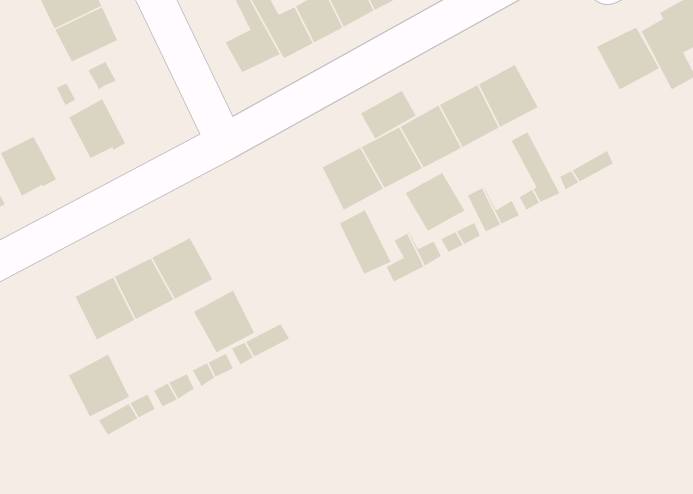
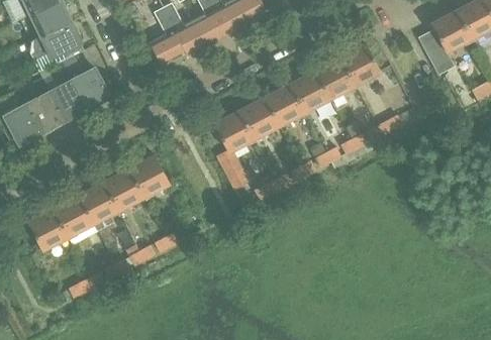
building: [596,26,660,90] -> [337,44,379,86]
building: none -> [71,69,108,109]
building: [360,90,417,139] -> none
building: none -> [26,92,63,132]
building: [405,172,465,232] -> none
building: [193,290,255,354] -> [127,155,168,197]
building: [68,353,130,417] -> [26,208,67,249]

